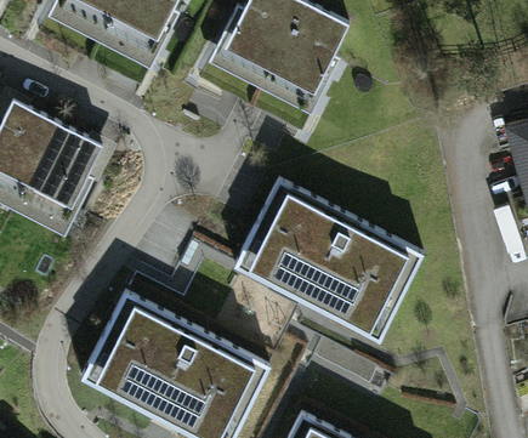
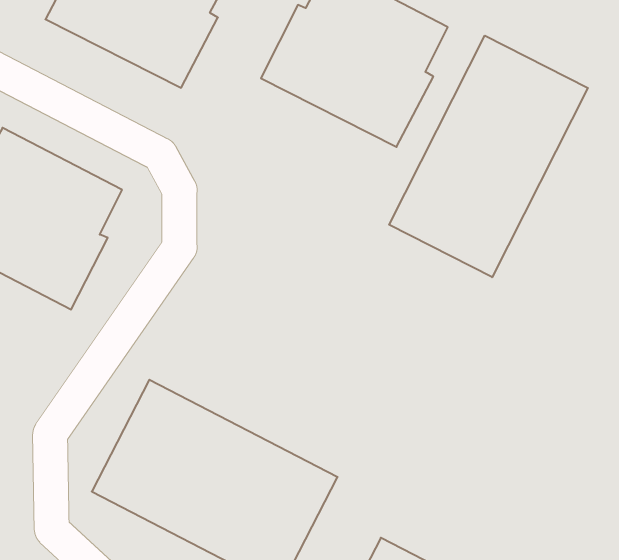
building: none -> [389,36,588,277]
building: [234,180,424,340] -> none

